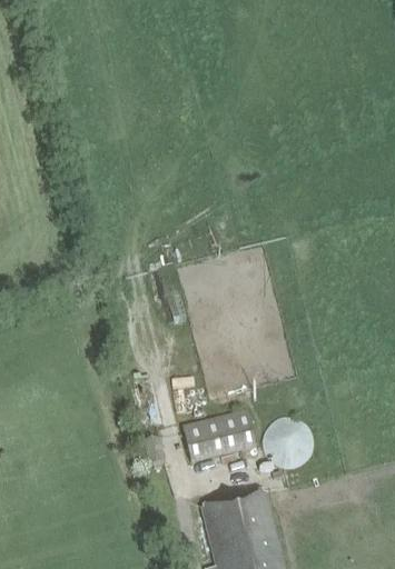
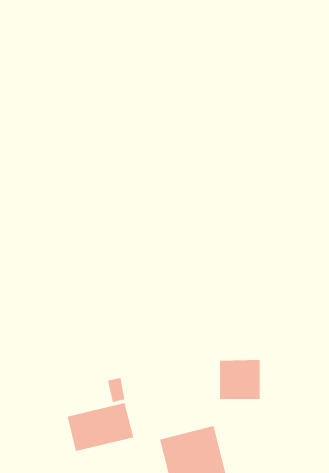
building: [181,409,256,463] -> [67,403,134,452]

